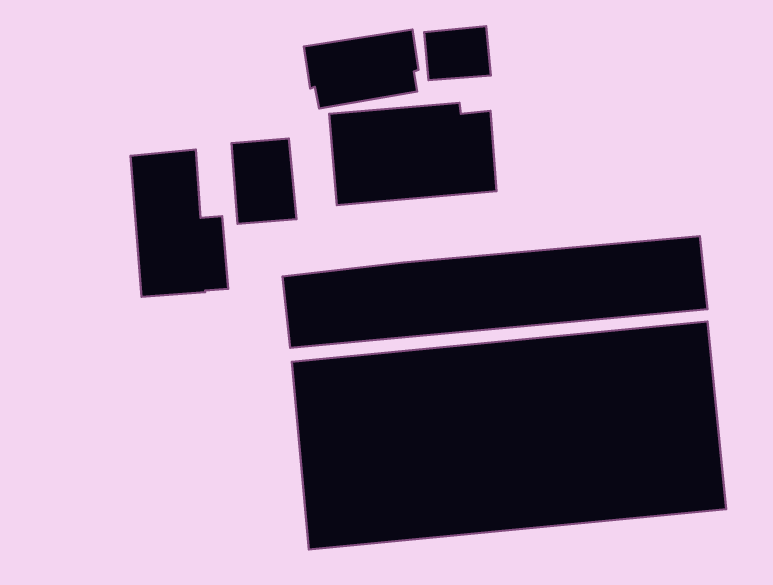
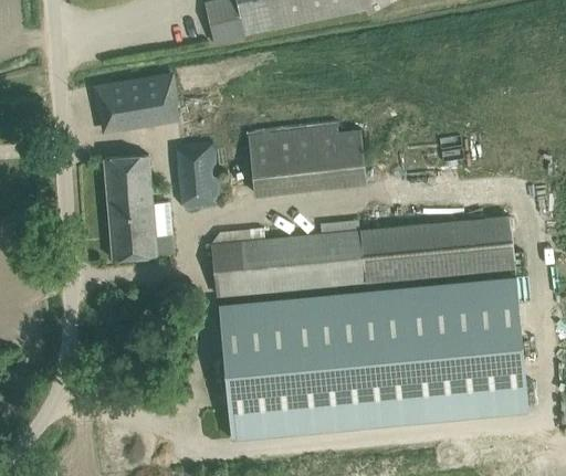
building: [424,26,491,80] -> none
building: [304,30,419,109] -> [95,75,177,131]

